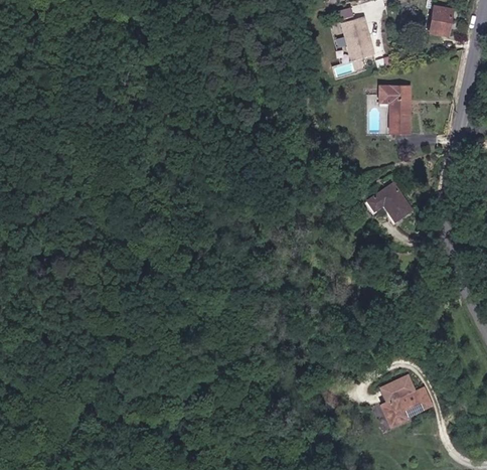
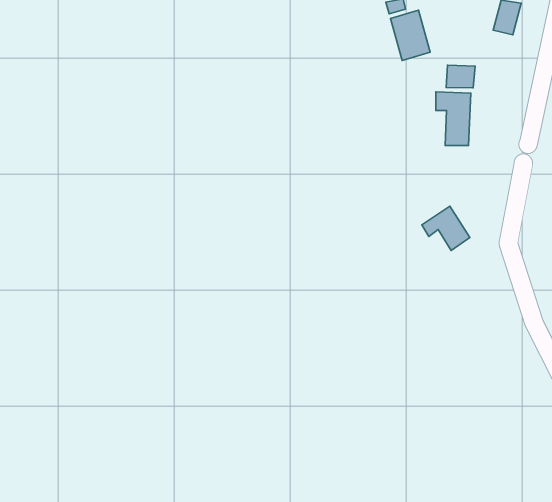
building: none -> [446,65,475,88]
building: [378,373,435,428] -> none

